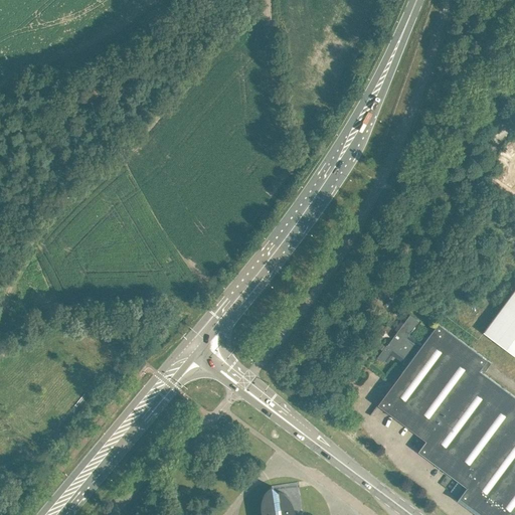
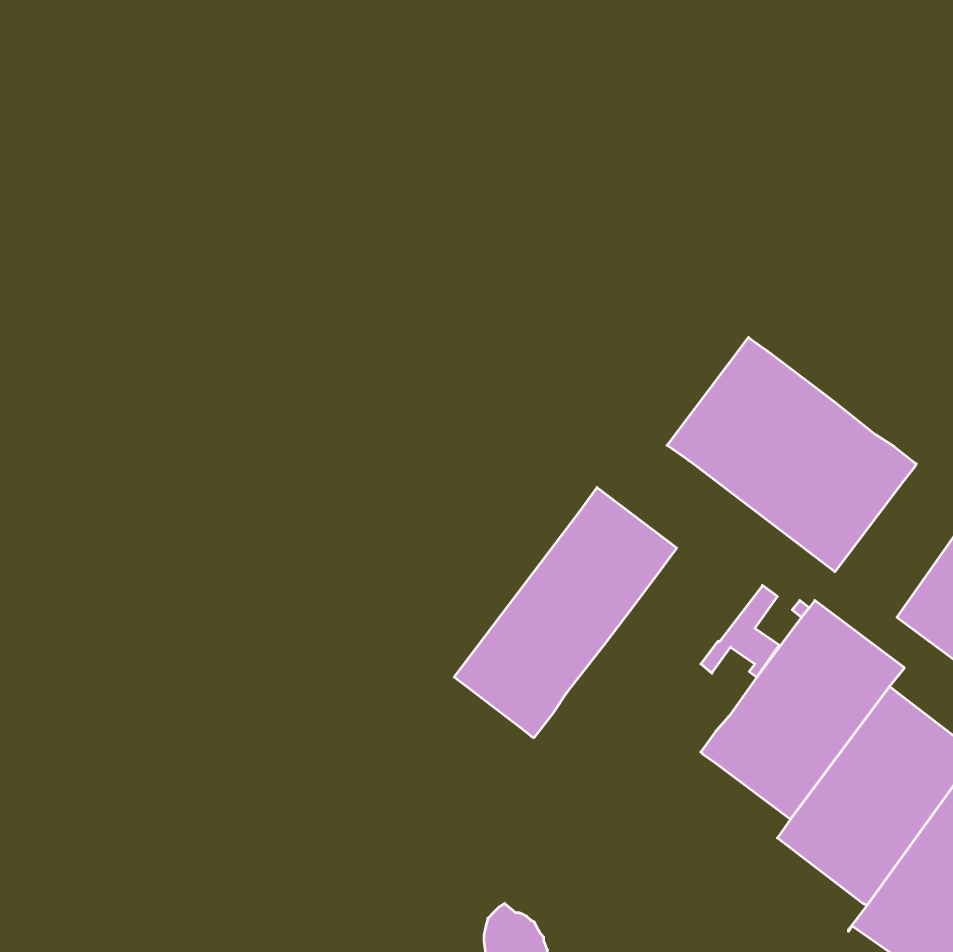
building: none -> [667,337,916,572]
building: none -> [454,487,677,738]

